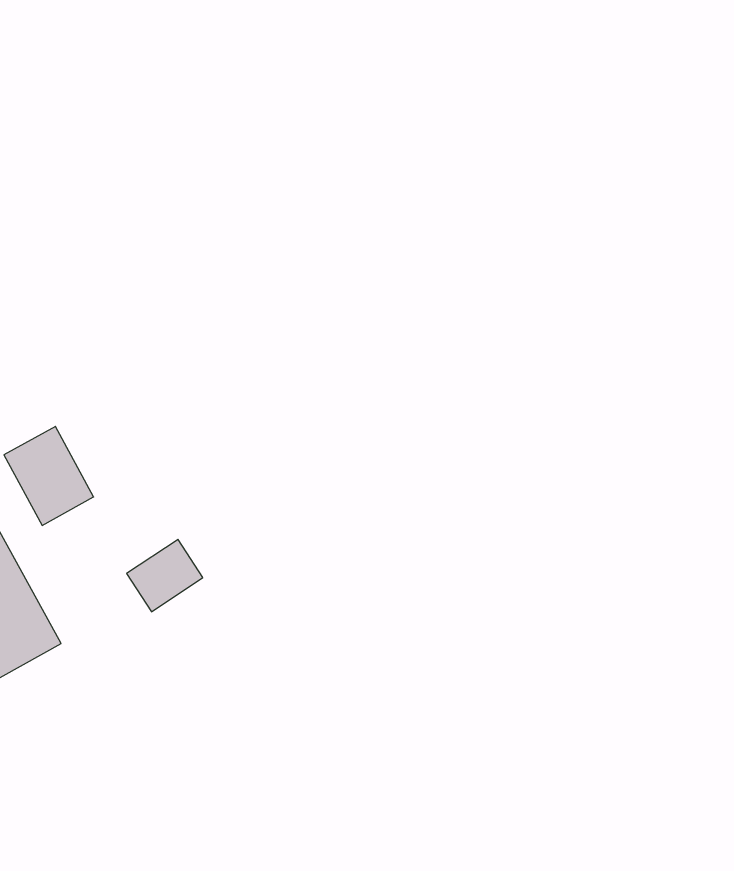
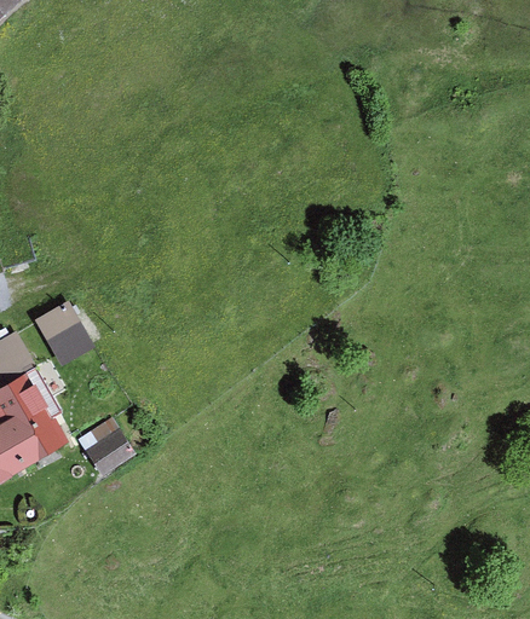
building: [127,539,203,612] -> [80,430,128,476]

